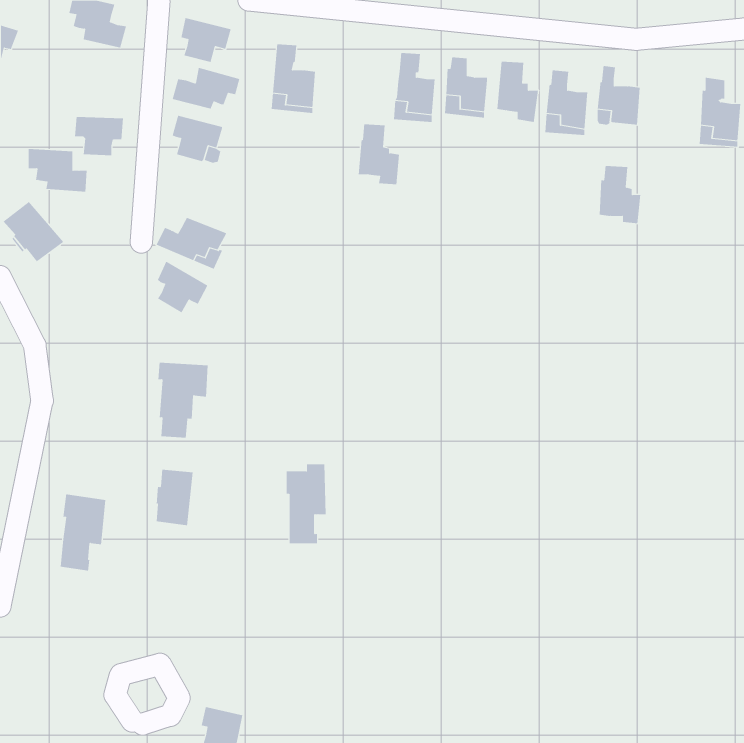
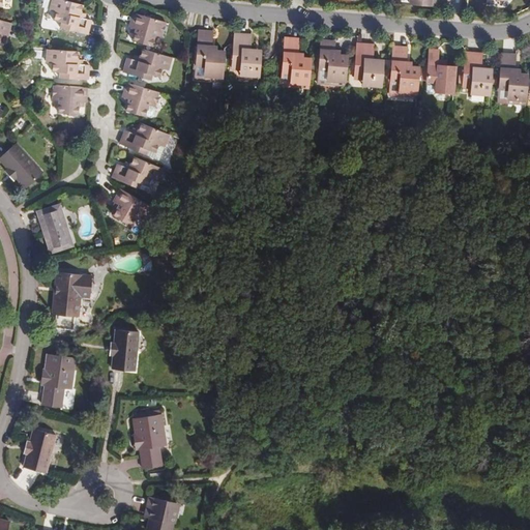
building: [358,124,400,185] -> [231,32,261,76]
building: [28,148,88,192] -> [47,49,89,80]
building: [599,165,641,224] -> [461,52,491,93]
building: none -> [118,122,170,154]
building: none -> [38,206,69,251]
building: [157,362,208,438] -> [52,274,88,328]
building: [286,464,327,544] -> [141,409,170,466]
building: none -> [23,429,54,472]

